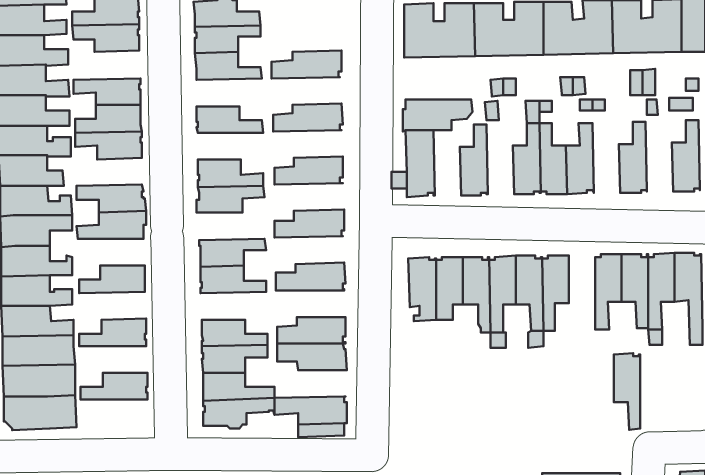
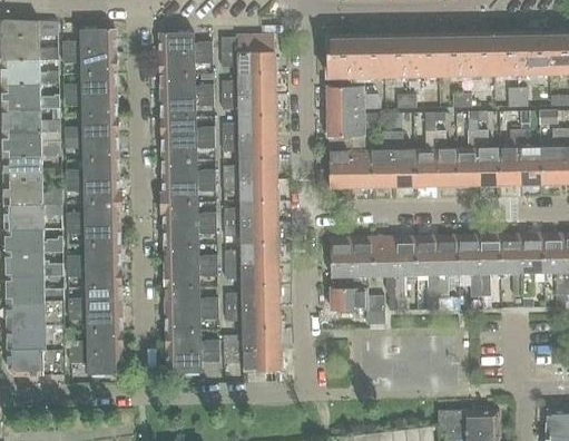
building: none -> [222,37,277,74]
building: none -> [63,72,117,96]
building: none -> [326,86,381,111]
building: none -> [222,94,277,116]
building: none -> [161,95,214,117]
building: none -> [478,129,500,186]
building: none -> [520,129,542,185]
building: none -> [393,131,415,188]
building: none -> [223,136,278,158]
building: none -> [351,136,373,188]
building: none -> [163,138,215,159]
building: none -> [66,158,118,180]
building: none -> [224,178,279,200]
building: none -> [161,202,216,224]
building: none -> [224,220,279,243]
building: none -> [67,223,120,244]
building: none -> [225,264,281,285]
building: none -> [68,265,121,287]
building: none -> [165,265,217,287]
building: none -> [330,287,385,325]
building: none -> [68,308,122,330]
building: [614,353,640,430] -> [459,235,480,296]
building: none -> [224,327,282,350]
building: none -> [69,351,122,376]

